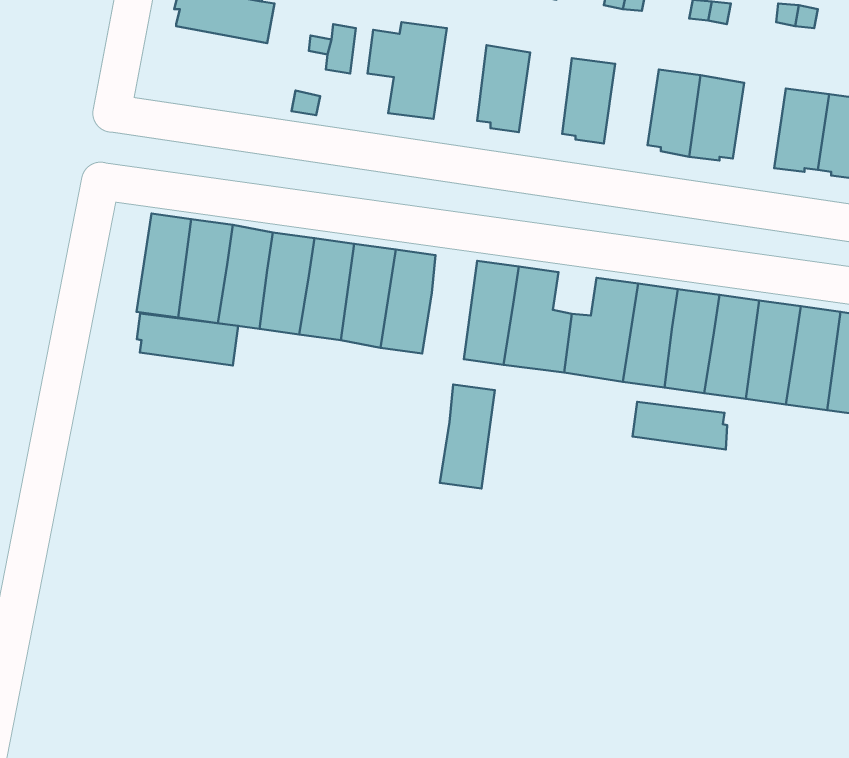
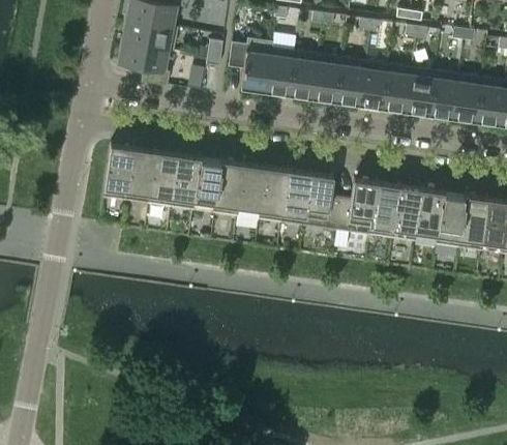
building: none -> [120,40,175,87]
building: none -> [266,42,295,95]
building: none -> [312,56,341,101]
building: none -> [359,62,389,108]
building: none -> [429,72,458,119]
building: [137,314,238,365] -> none
building: [440,384,495,489] -> [260,167,290,224]
building: [632,402,727,449] -> none

